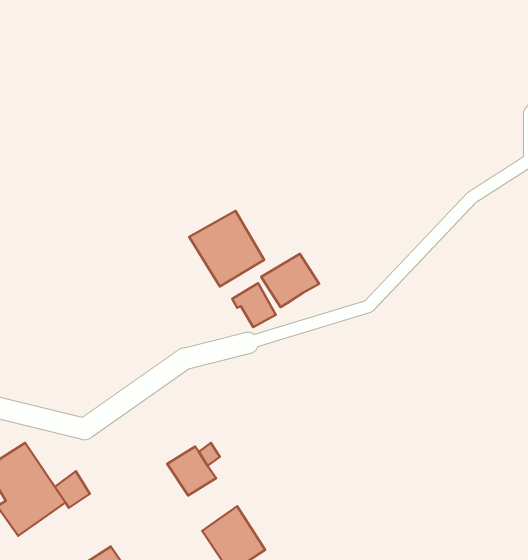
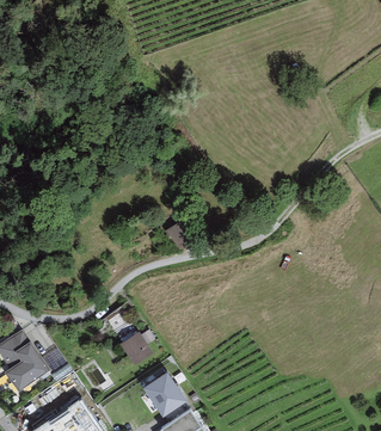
building: [189,211,264,287] -> none
building: [261,254,319,307] -> none

